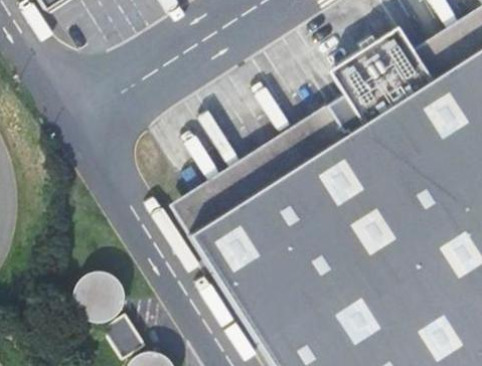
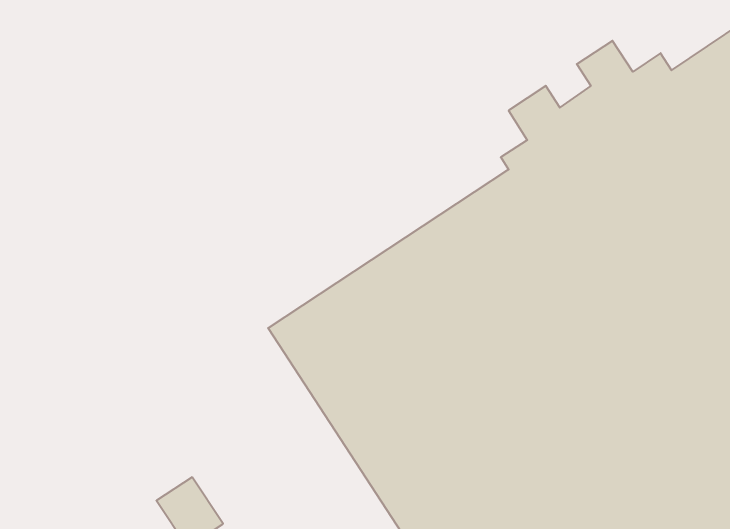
building: [331,27,403,76] -> none
building: [77,271,129,322] -> none

